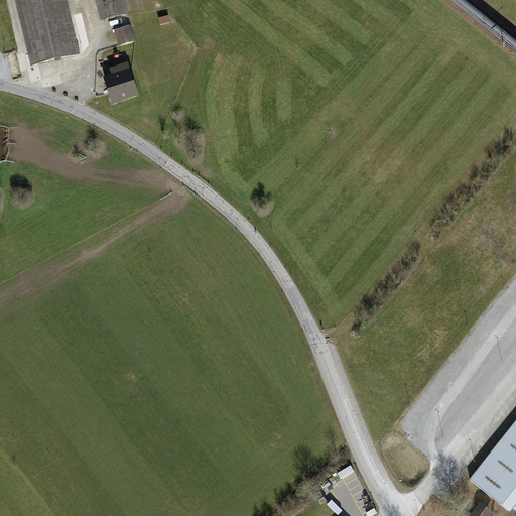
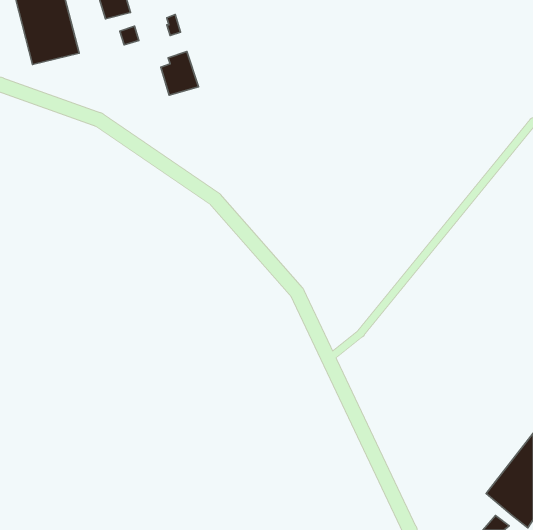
building: [103,61,139,104] -> [161,51,198,95]

